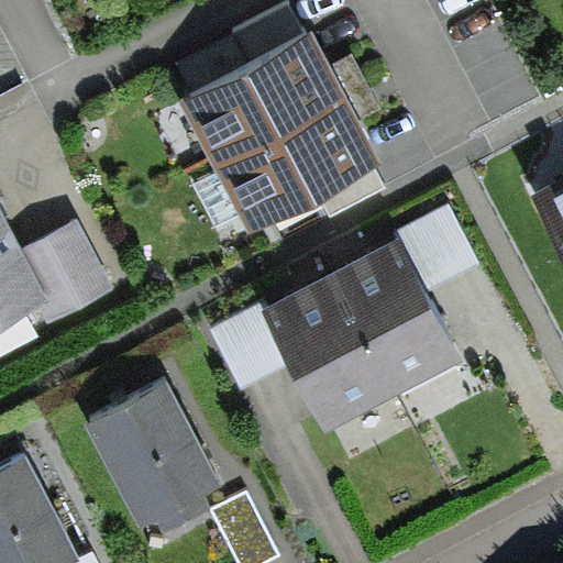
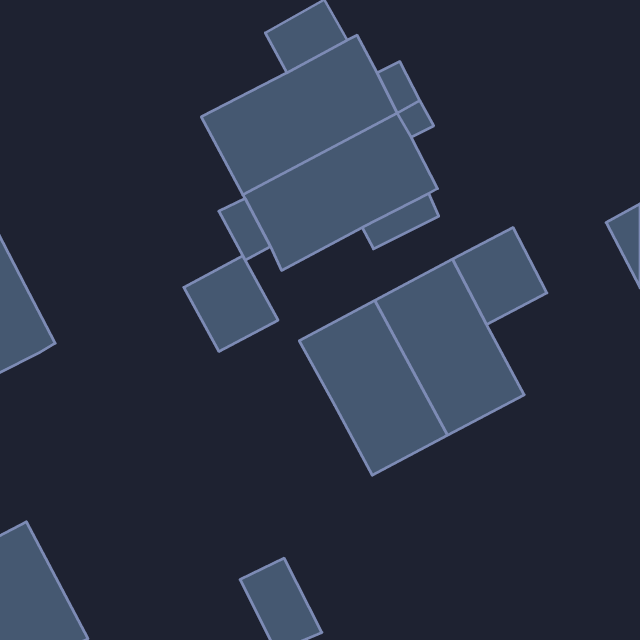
building: [22,223,112,329] -> none
building: [210,300,292,384] -> [184,256,278,351]
building: [85,386,220,534] -> none

